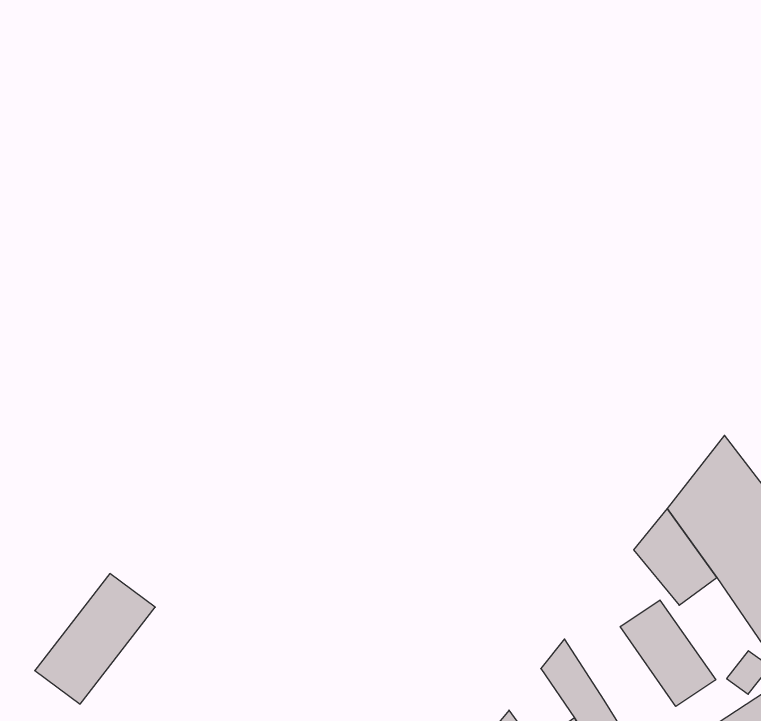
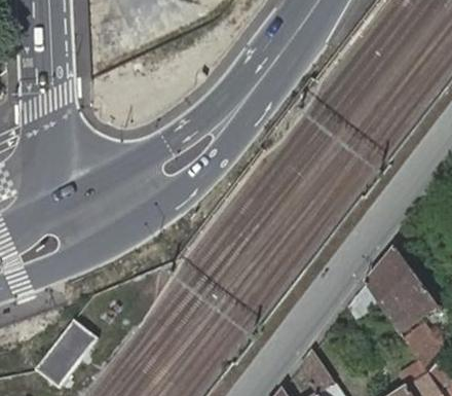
building: [620,600,716,706] -> none

